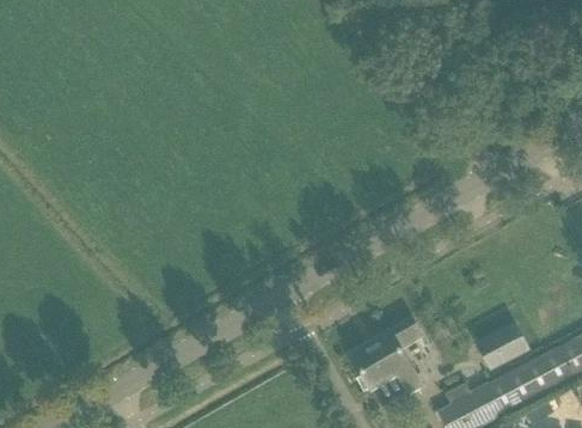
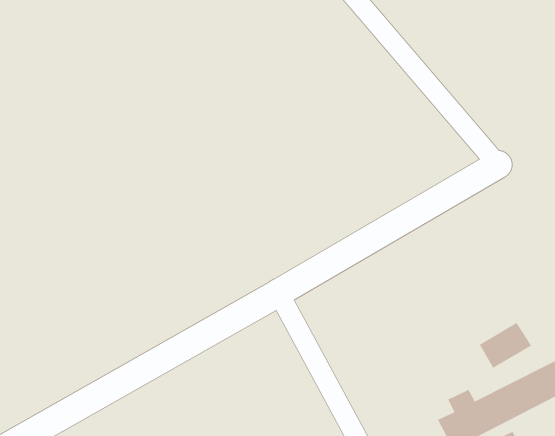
building: [351,316,423,389] -> none

